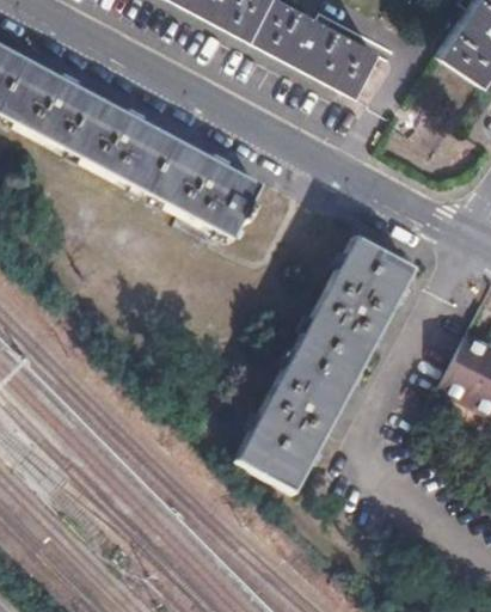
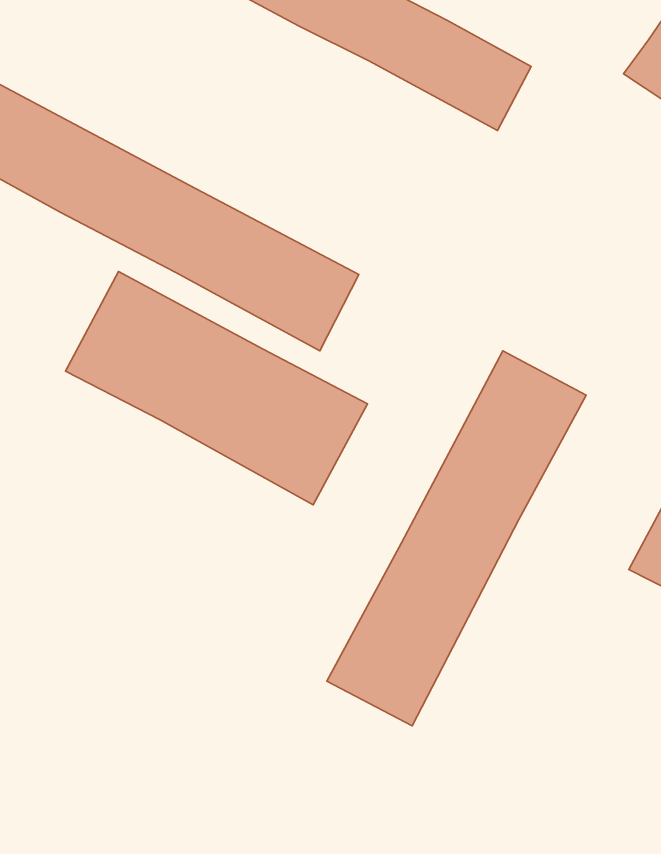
building: none -> [65,271,368,505]

